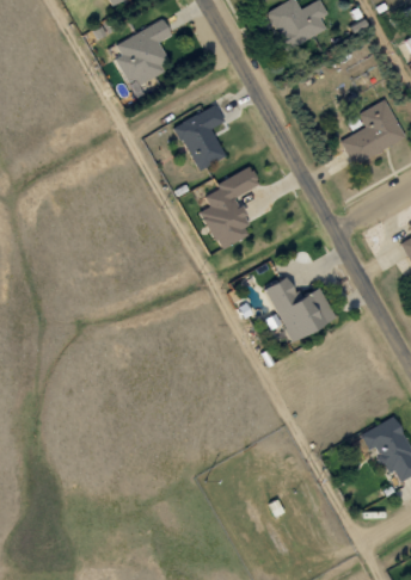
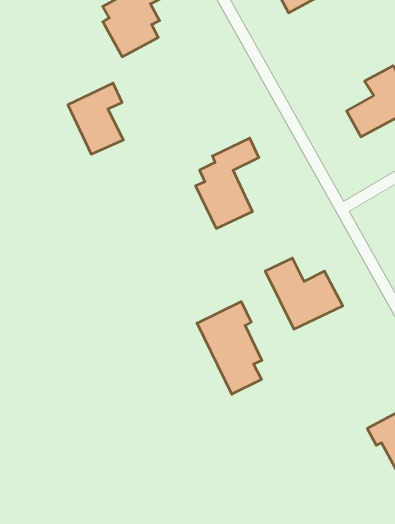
building: [174,104,226,169] -> [68,83,123,154]
building: none -> [197,302,262,394]

